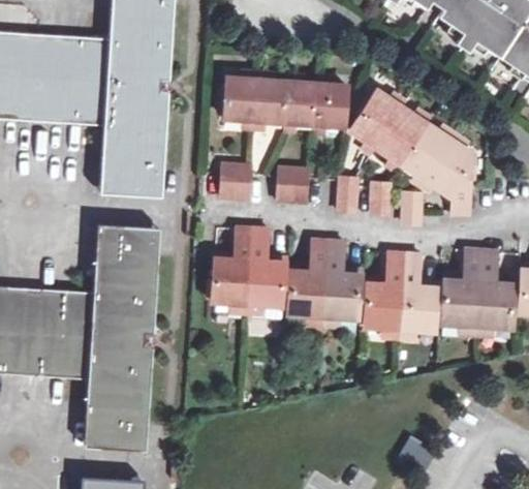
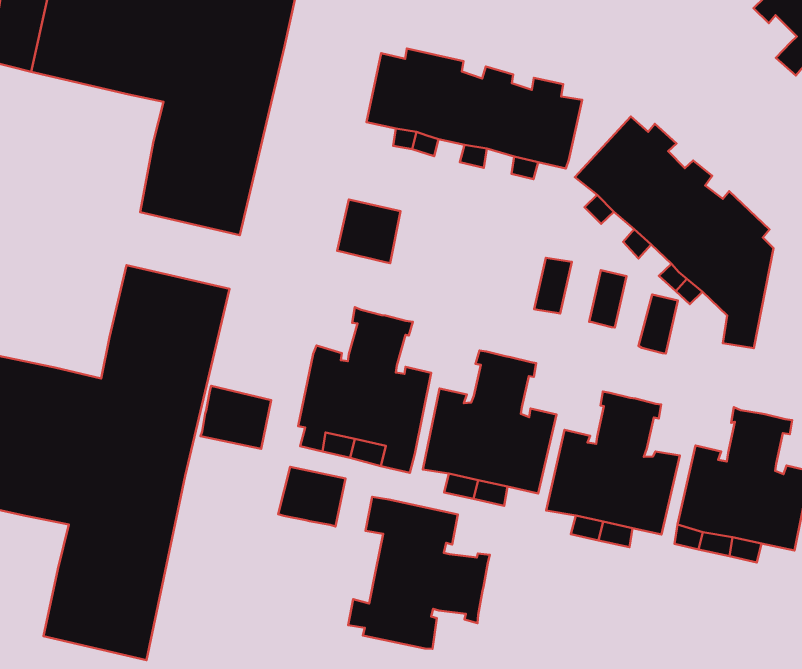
building: [276,167,310,201] -> none
building: none -> [201,386,271,449]
building: none -> [278,467,346,526]
building: none -> [348,497,490,649]

